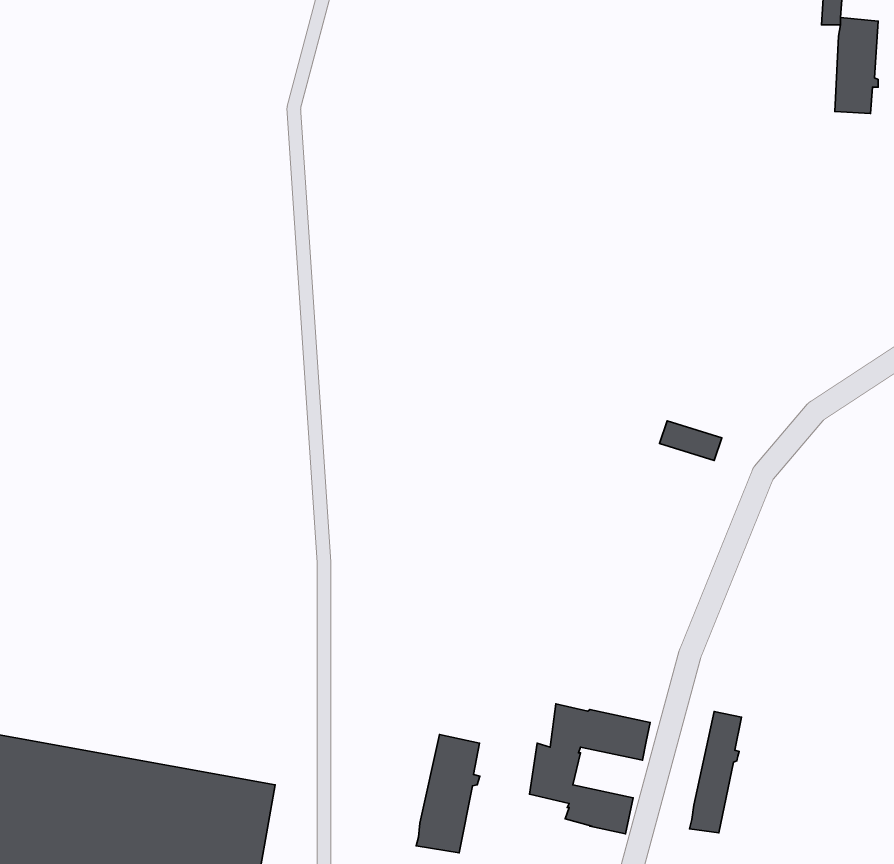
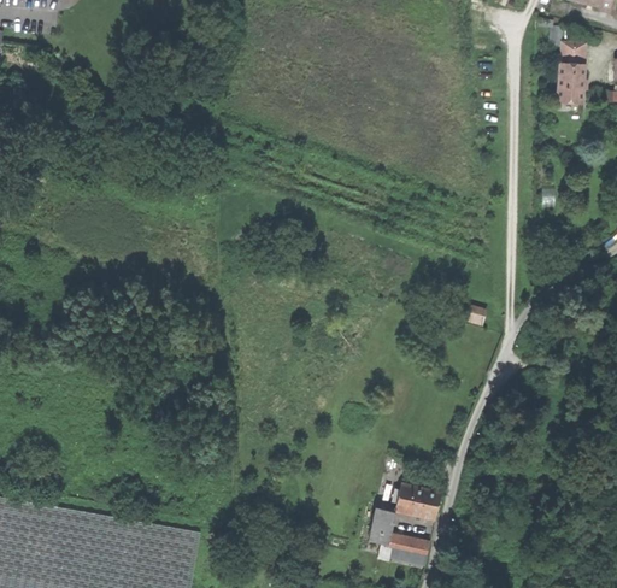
building: [689,711,742,833] -> none
building: [416,734,480,853] -> none

